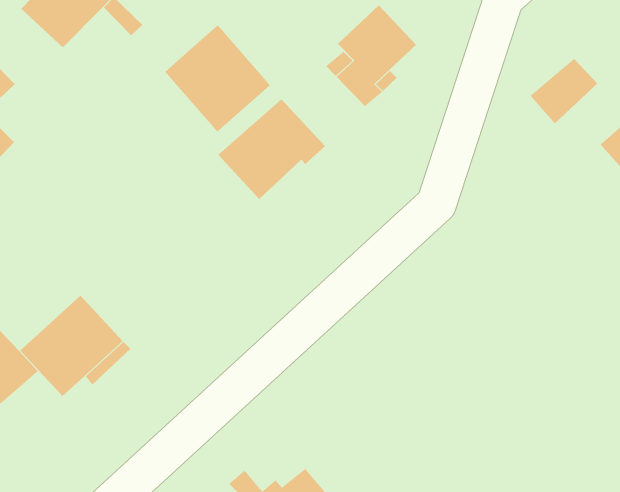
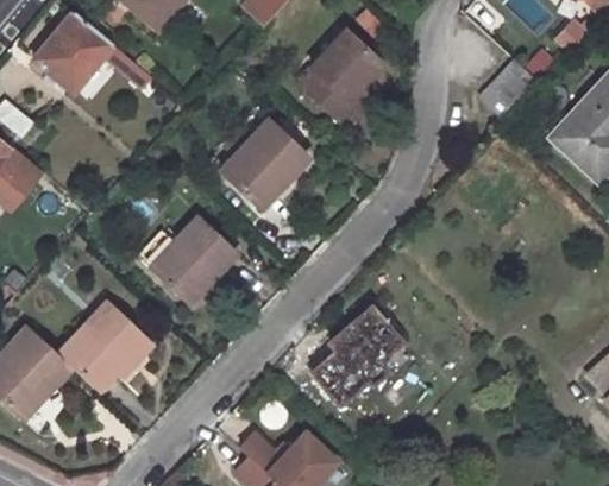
building: [165,25,271,133] -> none
building: none -> [147,216,233,302]
building: none -> [318,311,409,414]

